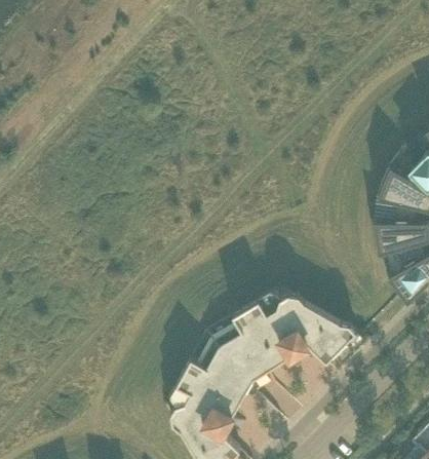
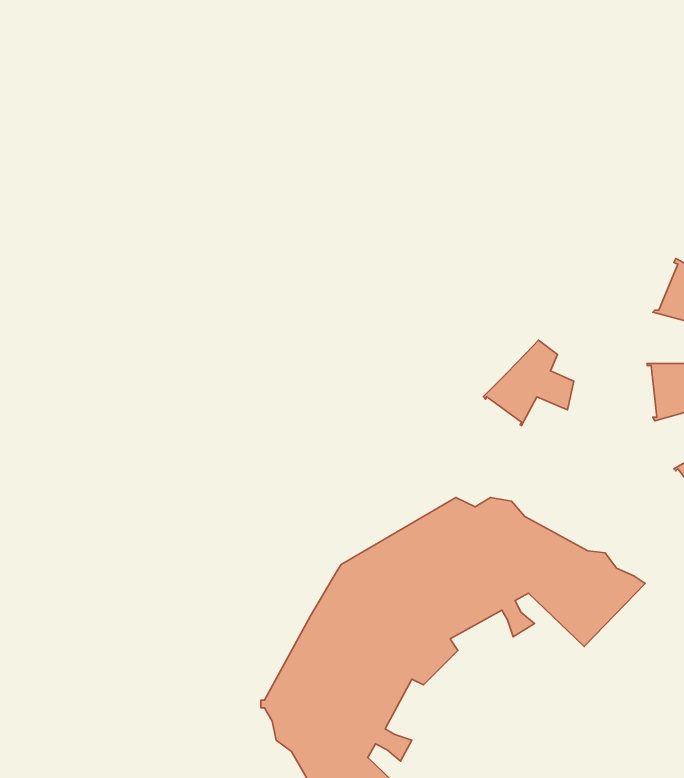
building: none -> [483,340,574,426]

